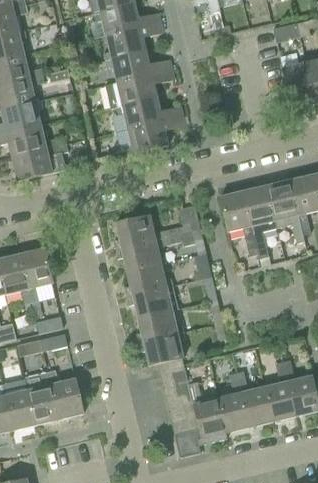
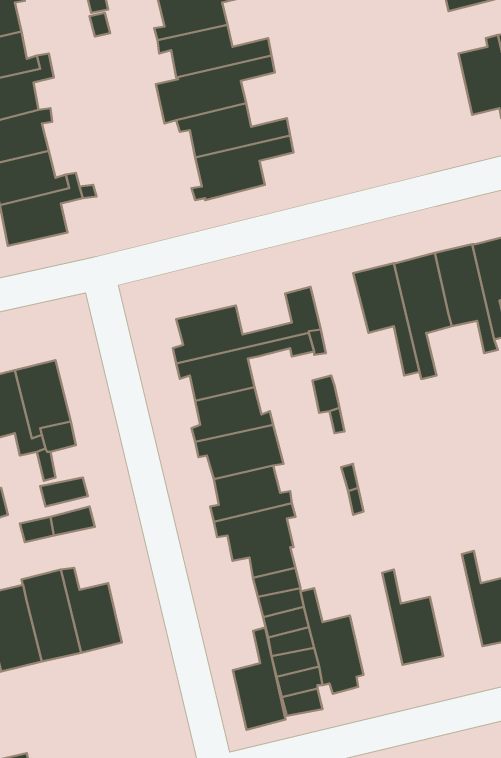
building: [264,361,295,421] -> none
building: [217,372,248,432] -> [233,628,286,730]

